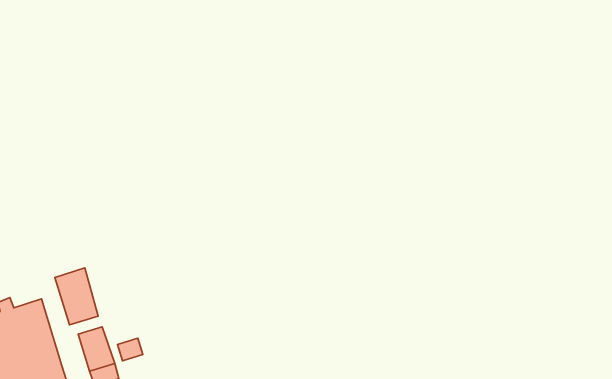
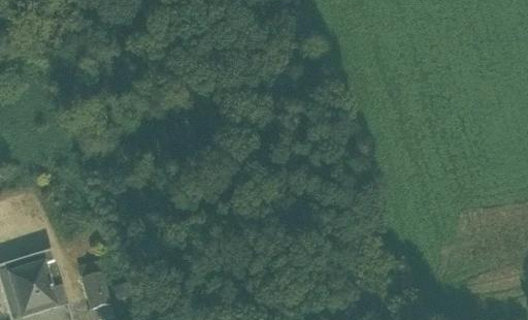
building: [55,268,98,325] -> none

